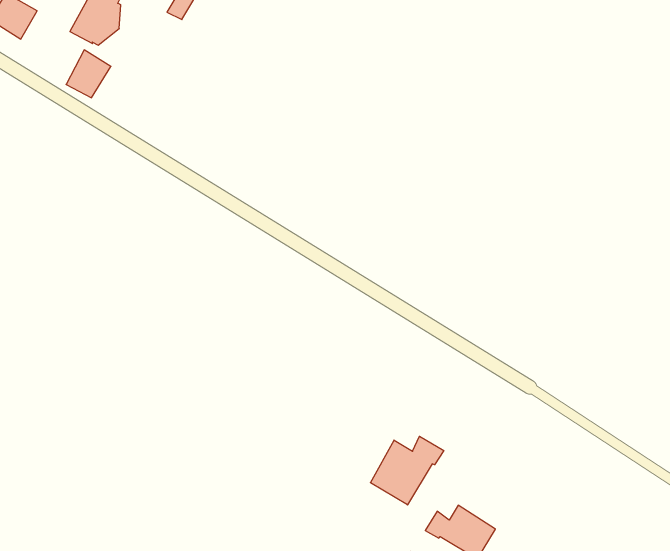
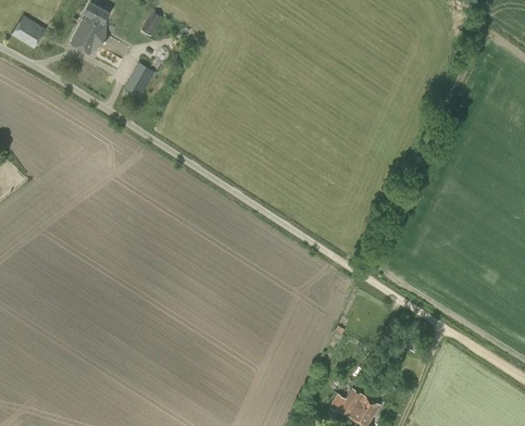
building: [66,50,111,98] -> [125,62,158,97]
building: [370,436,444,505] -> none

